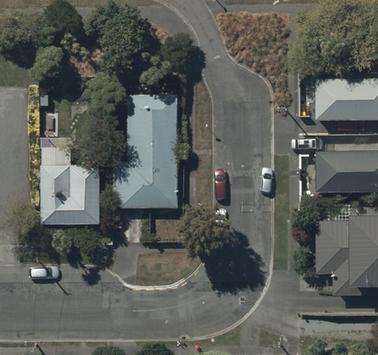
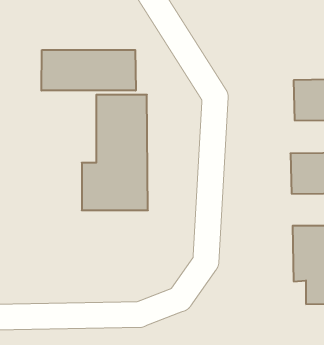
building: none -> [41,50,136,91]
building: [41,146,98,223] -> none

